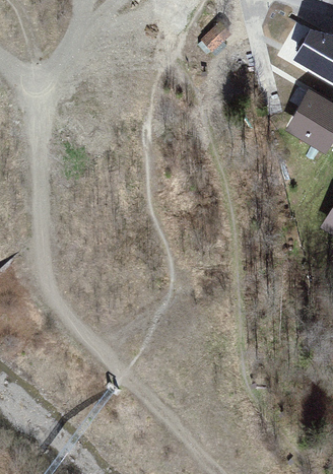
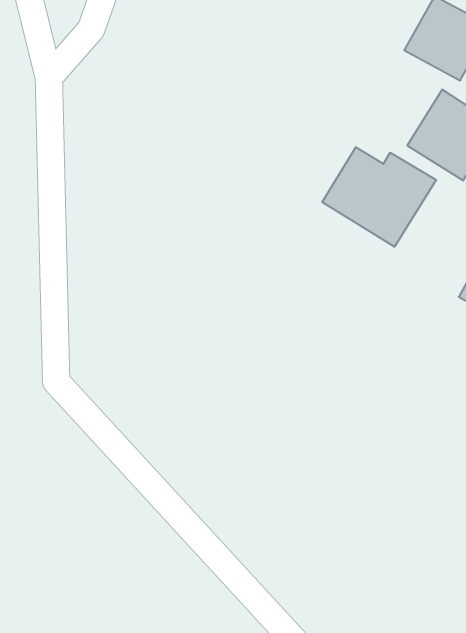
building: none -> [322,147,436,247]

